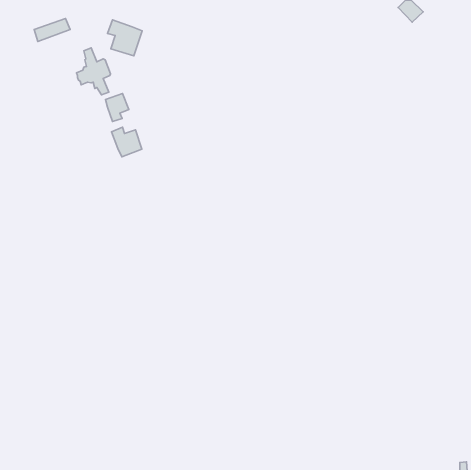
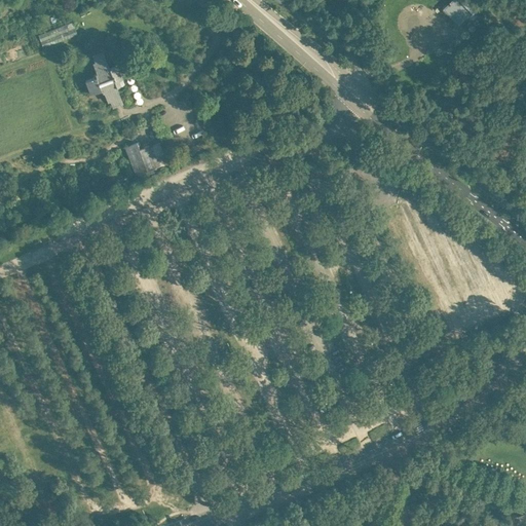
building: [107,20,142,56] -> none
building: [105,93,129,122] -> none

